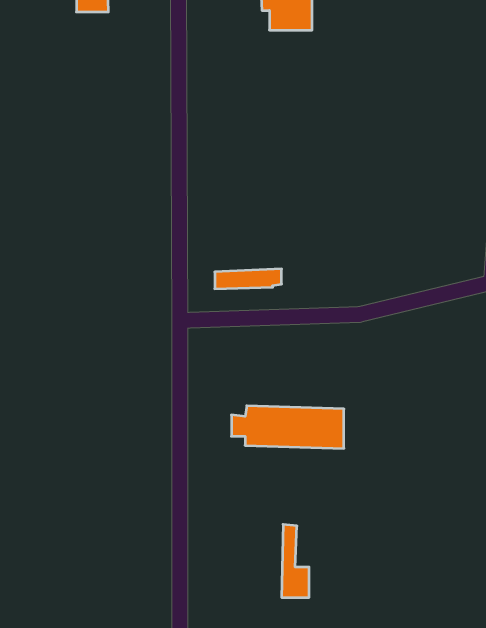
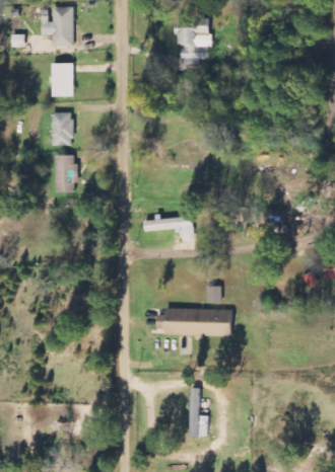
building: none -> [52,62,74,96]
building: none -> [52,111,73,145]
building: none -> [55,154,76,192]

